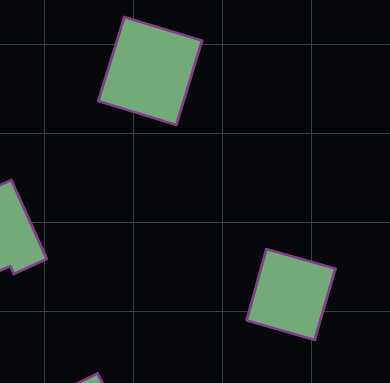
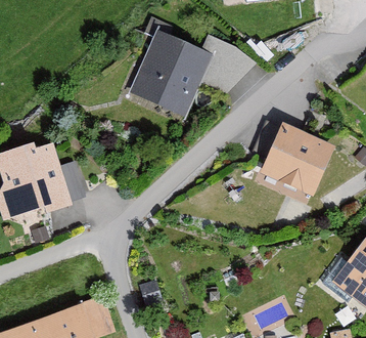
building: [247,249,336,340] -> [262,122,334,196]

